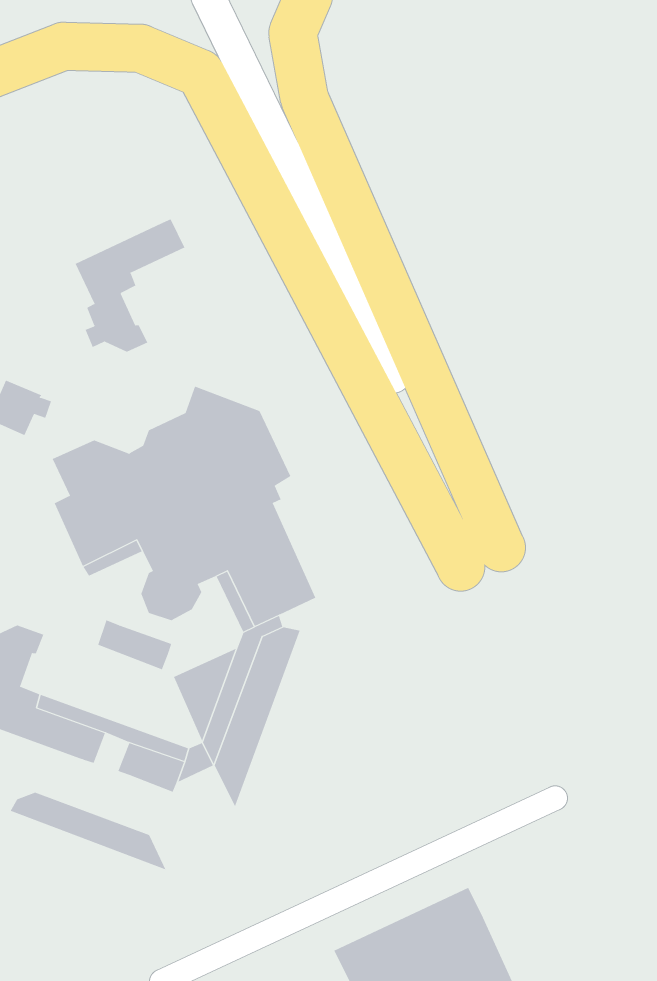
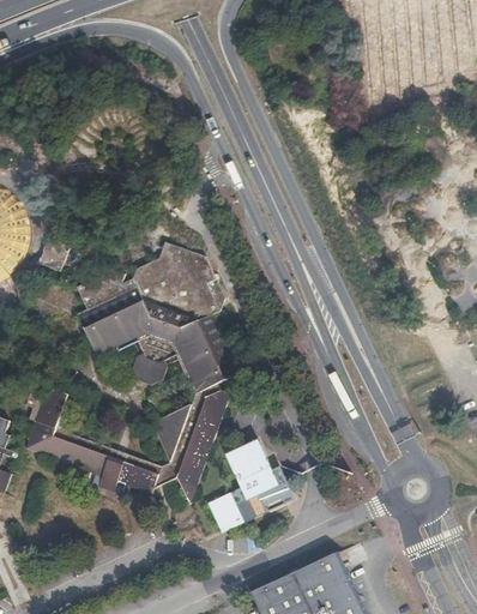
building: [75,219,185,353] -> none
building: [97,620,172,670] -> none
building: none -> [209,441,286,529]
building: [10,792,166,871] -> none

